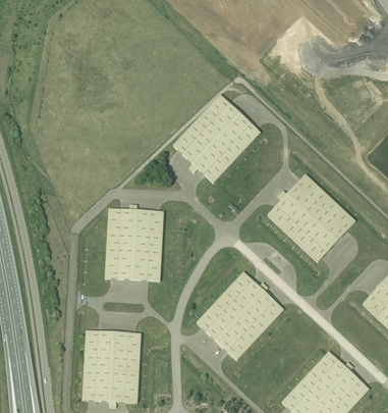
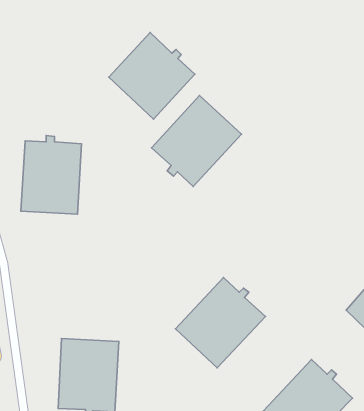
building: none -> [109,32,195,119]
building: [268,173,355,261] -> none
building: [105,203,164,279] -> [21,136,82,214]

